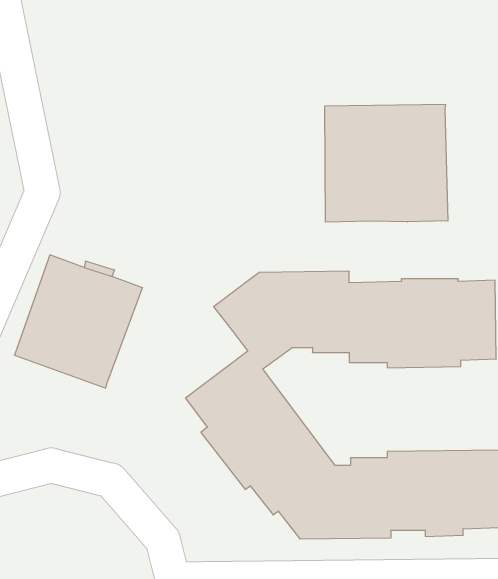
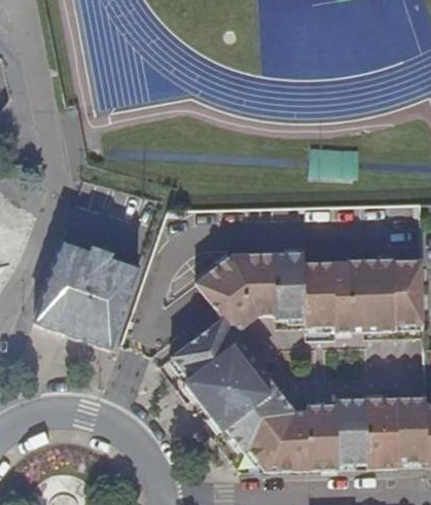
building: [325,104,448,222] -> none

